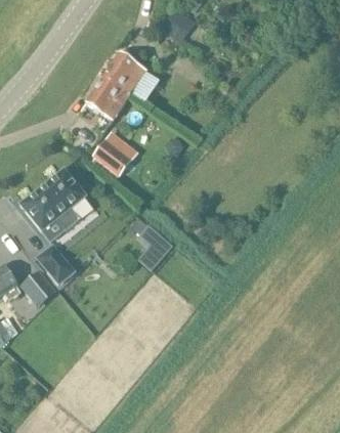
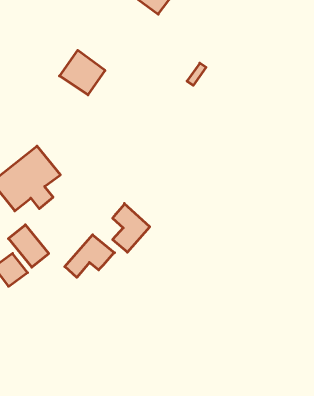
building: [103,51,146,96] -> none
building: [94,140,132,175] -> none
building: none -> [65,235,115,277]

